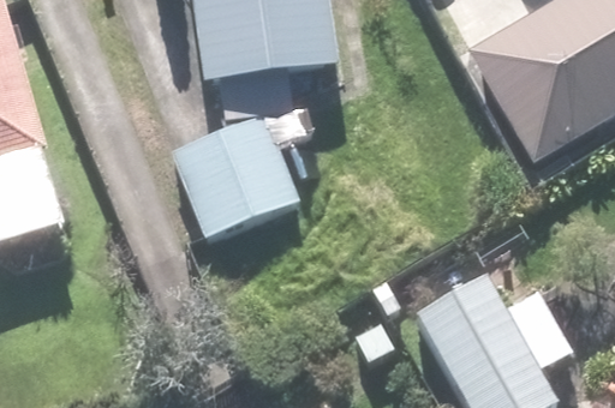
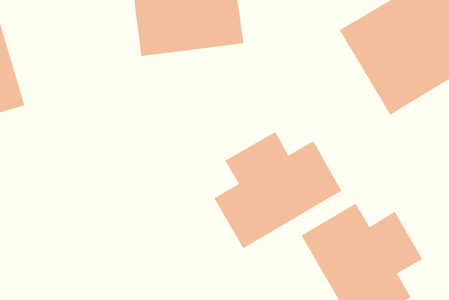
building: [166,110,306,245] -> none
building: none -> [213,131,342,249]

